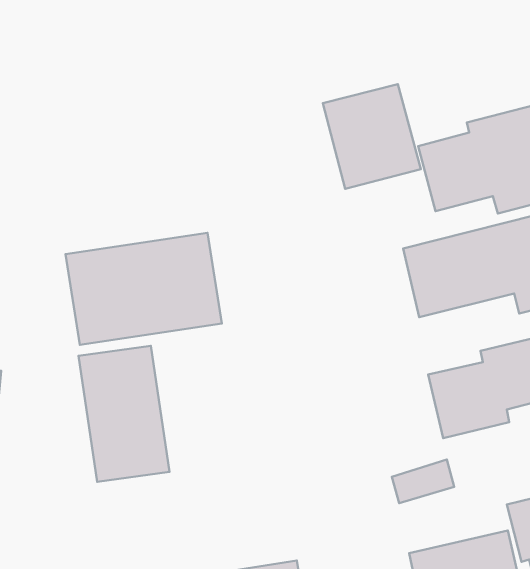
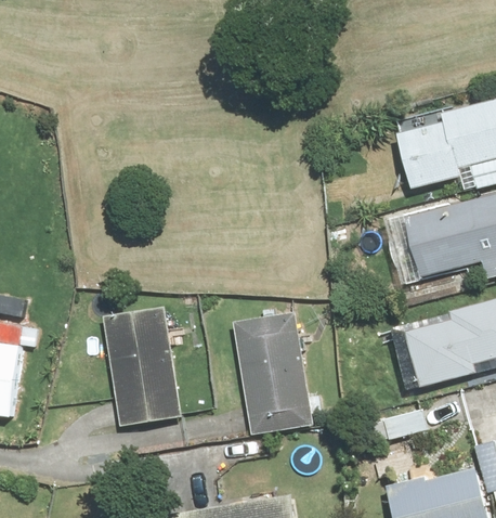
building: [323,84,421,189] -> none
building: [65,233,222,345] -> none
building: none -> [236,311,312,431]

